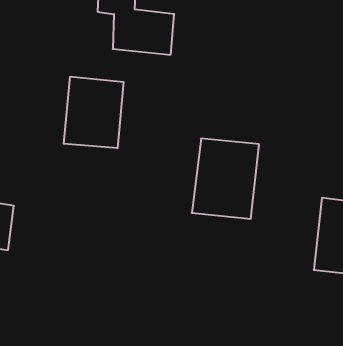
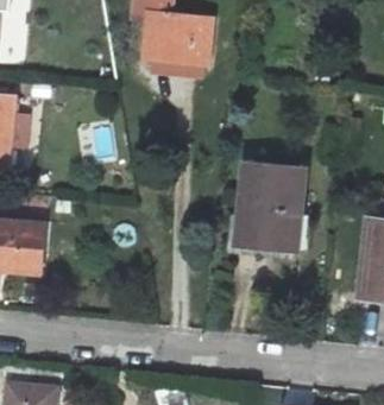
building: [64,77,124,148] -> none

